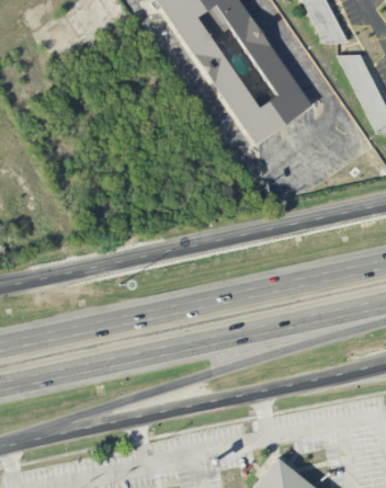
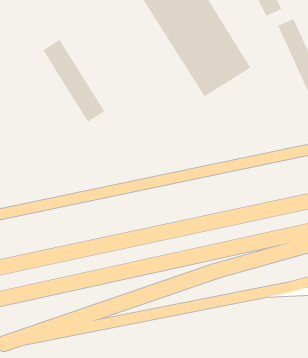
building: none -> [42,39,105,122]

